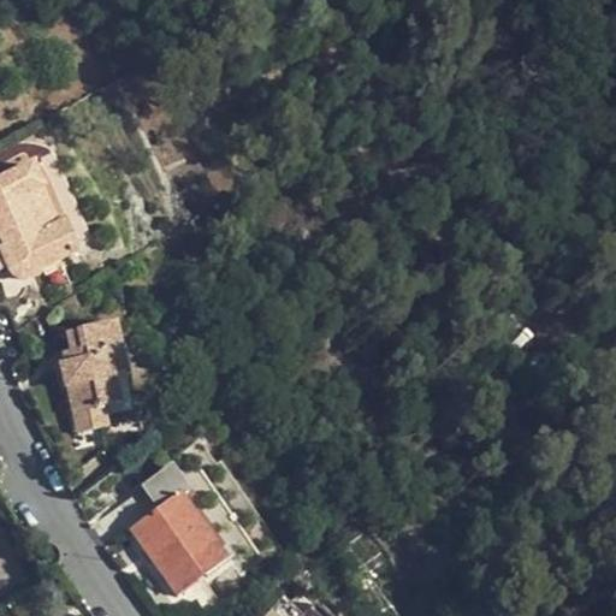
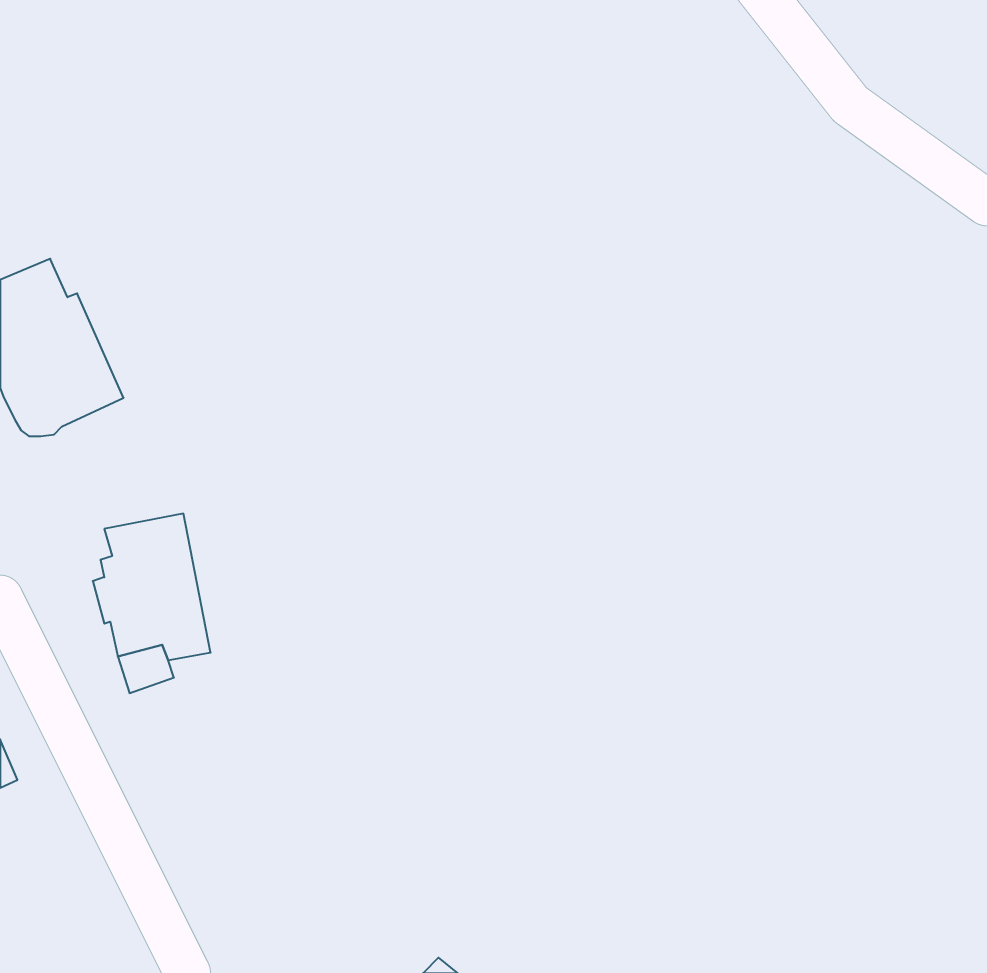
building: [129,466,225,591] -> none

